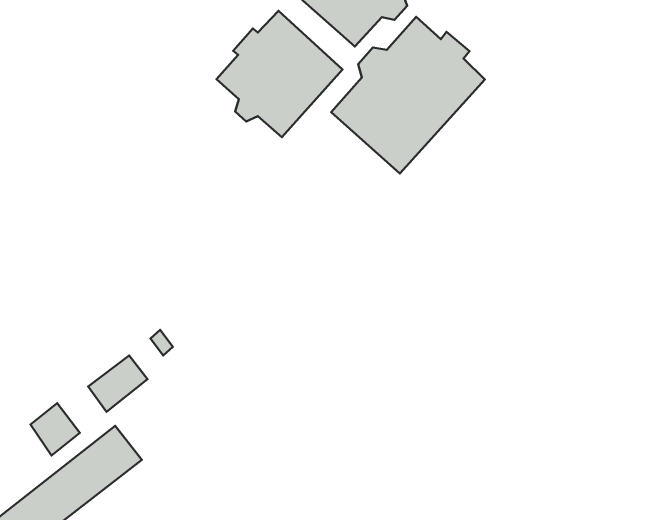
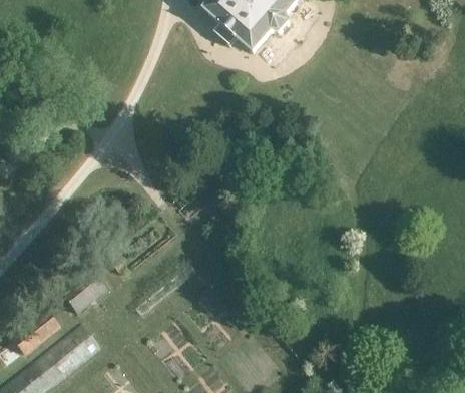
building: [216,11,343,137] -> none
building: [331,17,485,174] -> none

